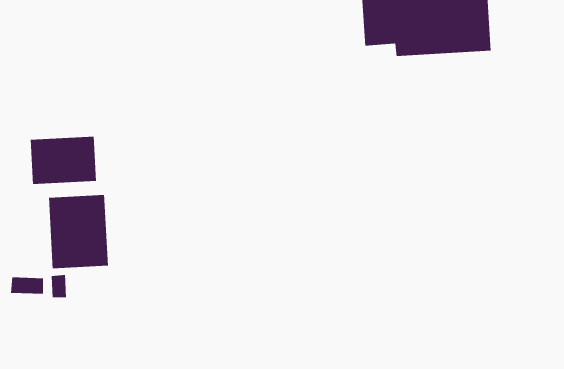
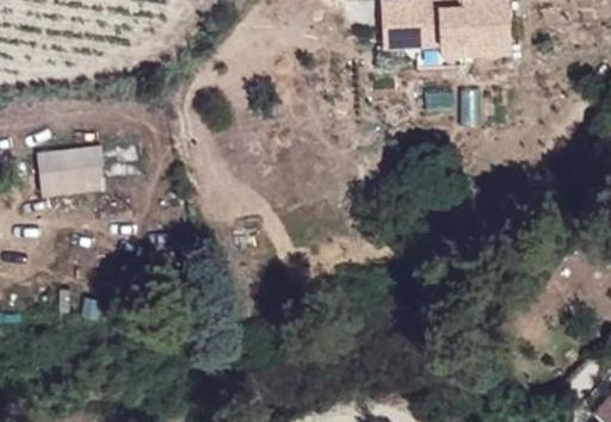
building: [48,194,108,269] -> none

